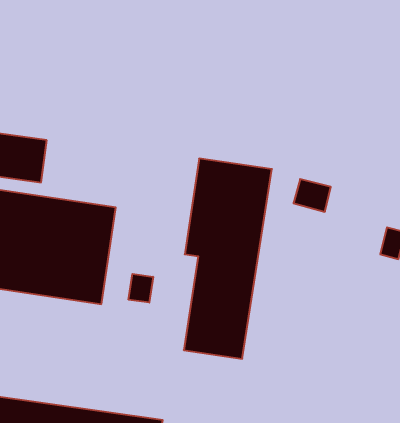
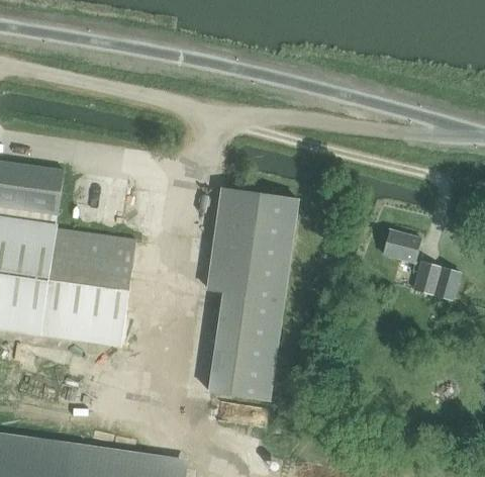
building: [293,179,331,212] -> [382,229,421,264]
building: [129,274,153,303] -> none

